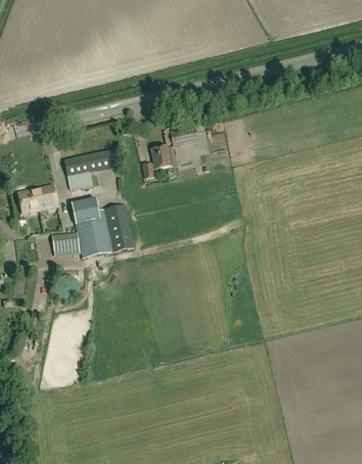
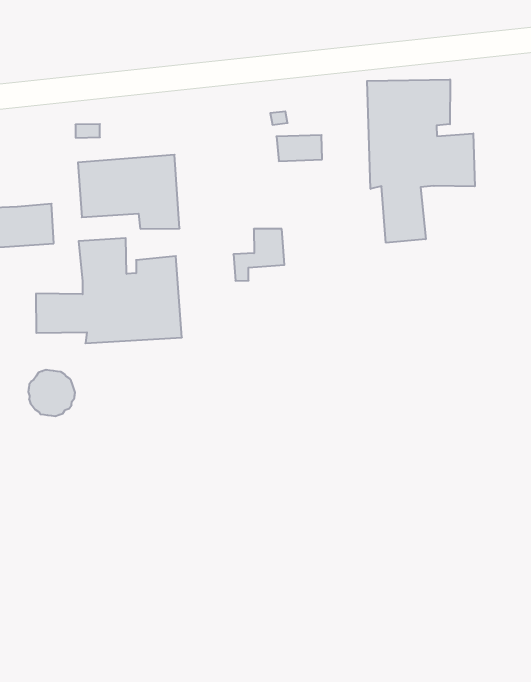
building: none -> [367,79,475,243]
building: [142,146,171,178] -> [233,229,284,281]

